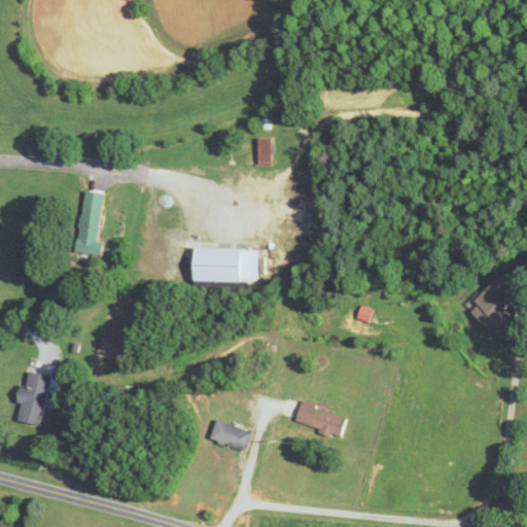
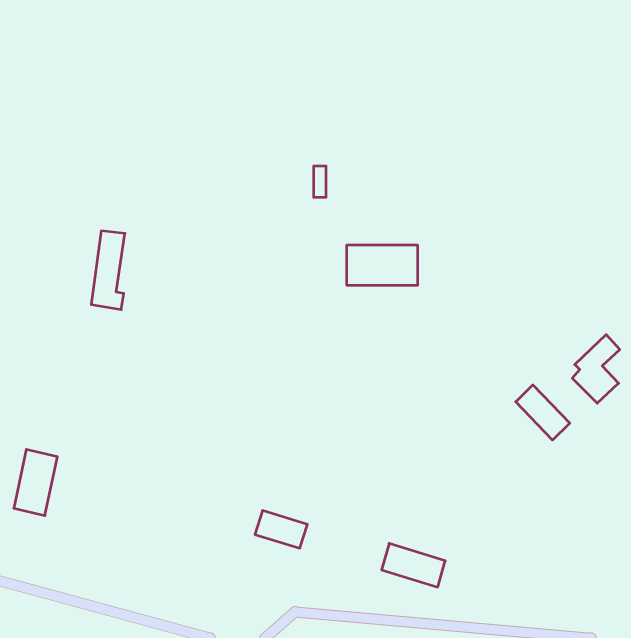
building: [195,248,253,281] -> [347,245,418,285]
building: none -> [516,385,570,440]
building: [294,401,347,437] -> [382,543,445,587]

